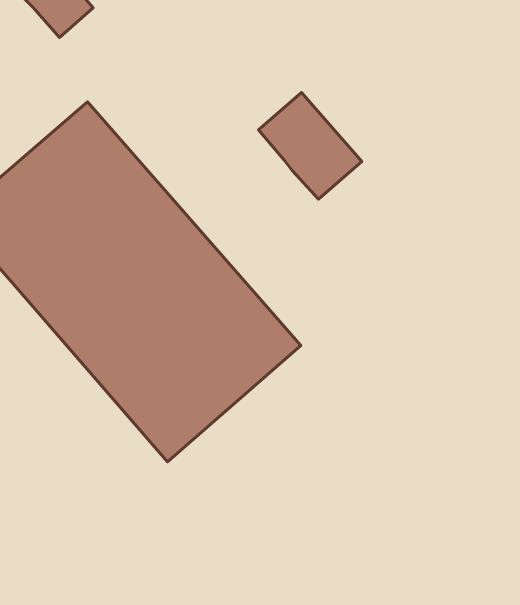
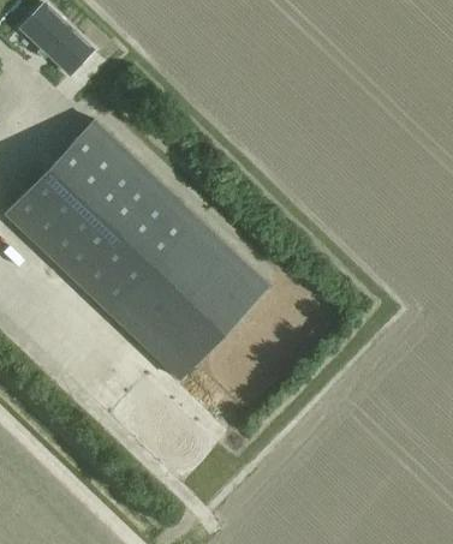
building: [258,92,362,199] -> none

